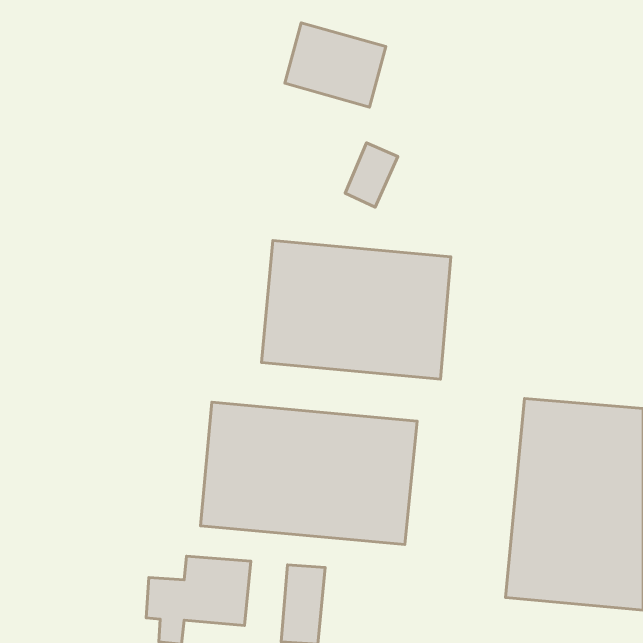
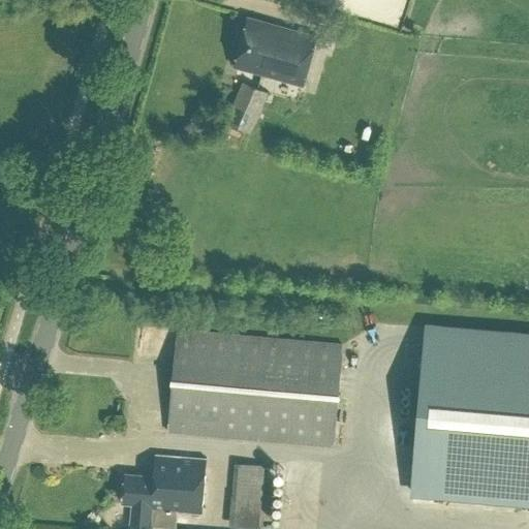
building: [345,143,398,207] -> [225,83,269,135]
building: [262,241,451,379] -> none

